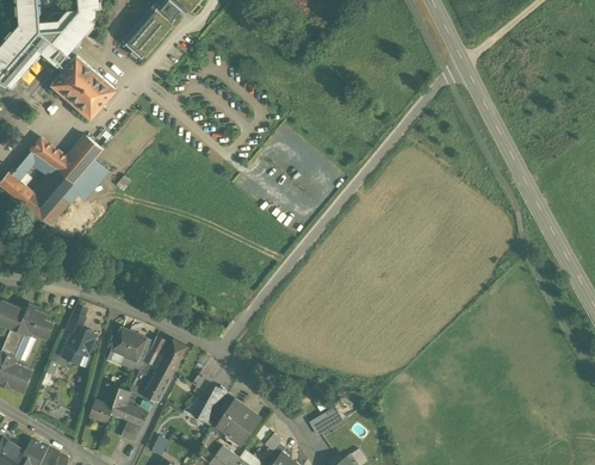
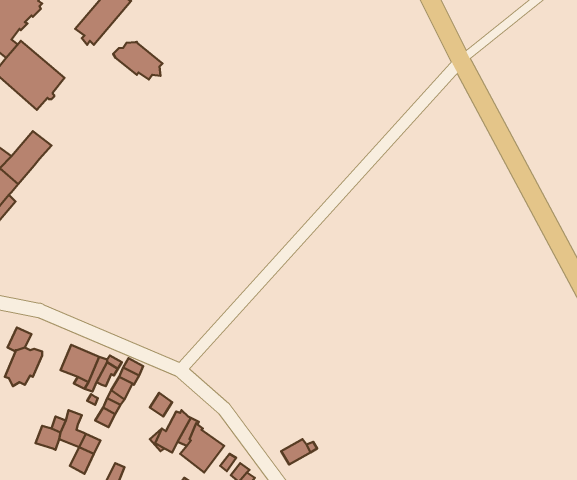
building: none -> [113,42,162,80]
building: [67,167,104,205] -> none

